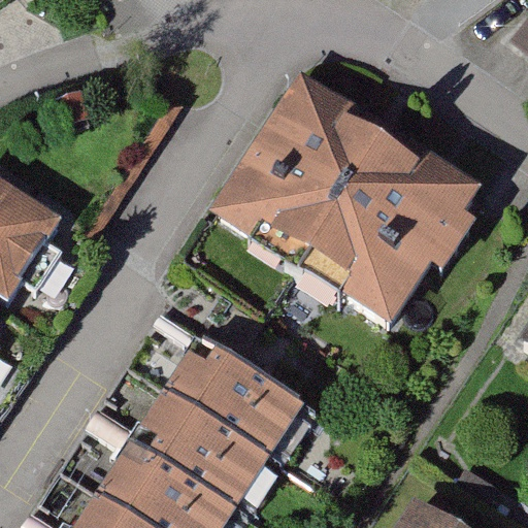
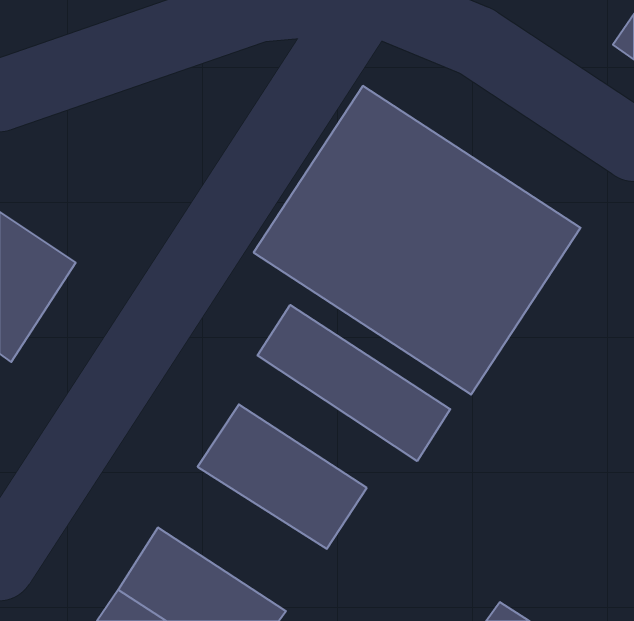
building: none -> [258,305,450,461]
building: [131,387,271,506] -> none

